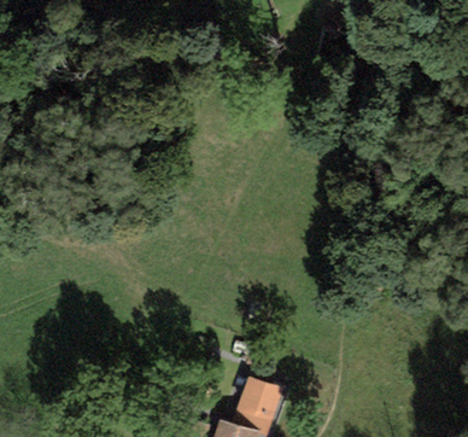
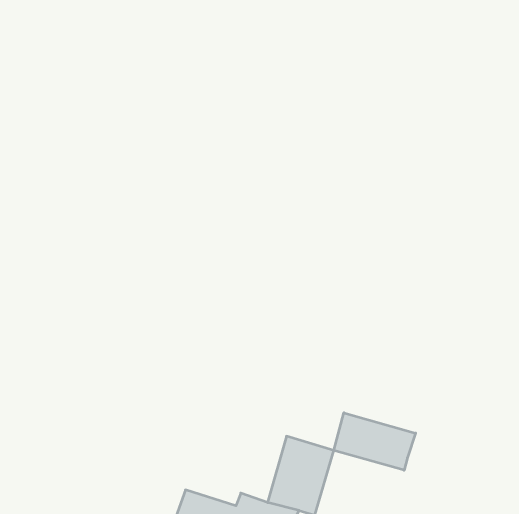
building: none -> [334,413,416,470]

